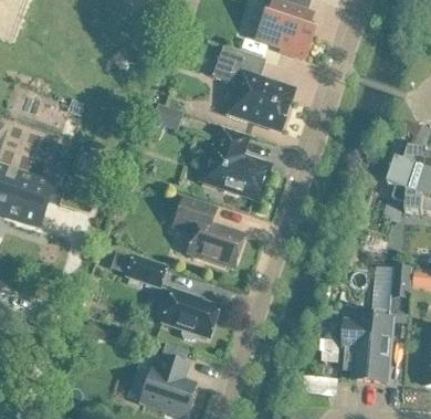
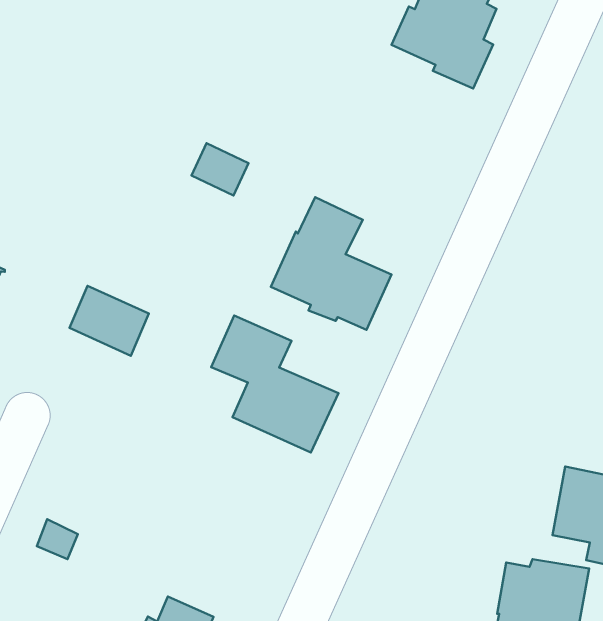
building: [211,44,292,128] -> none
building: [124,252,167,289] -> [70,286,149,356]
building: [157,287,219,338] -> none

